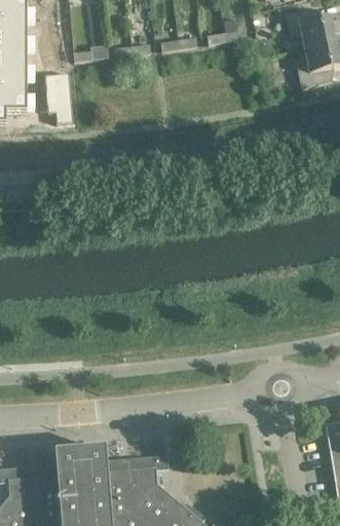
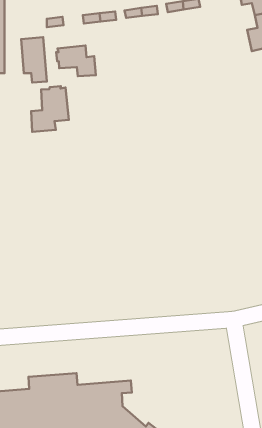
building: none -> [56,46,96,76]
building: none -> [31,86,69,132]

